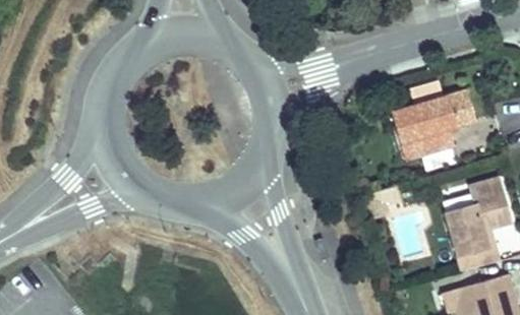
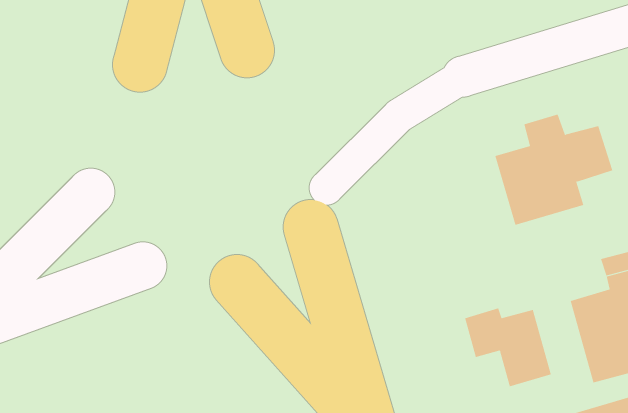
building: none -> [464,308,552,387]

